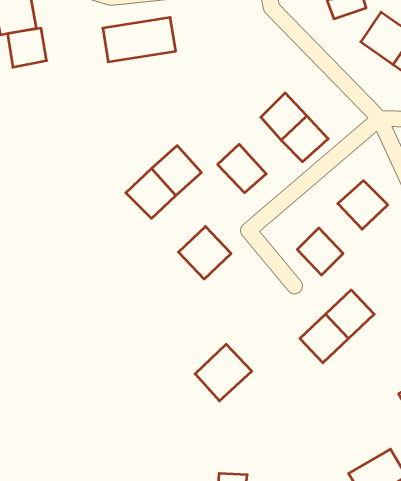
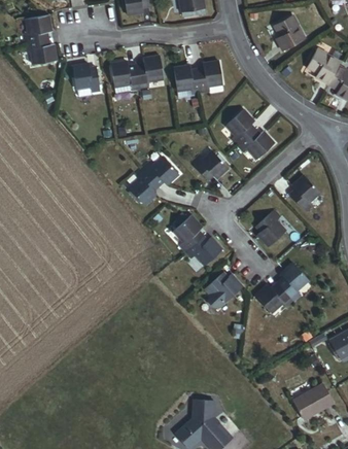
building: [7,28,47,67] -> [69,63,99,93]
building: none -> [175,62,227,92]
building: none -> [184,232,224,272]
building: [195,344,252,401] -> [203,270,246,313]

